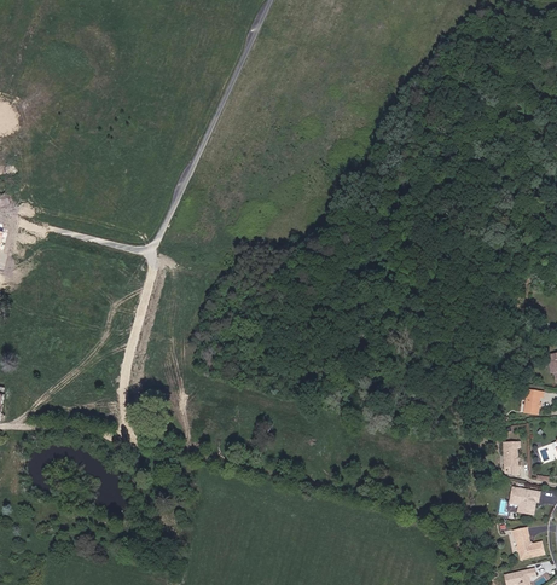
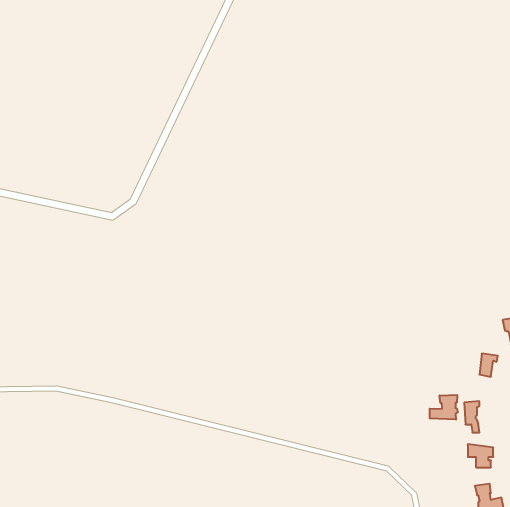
building: none -> [430,395,458,420]

